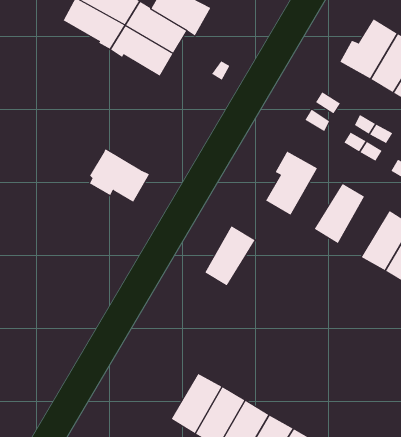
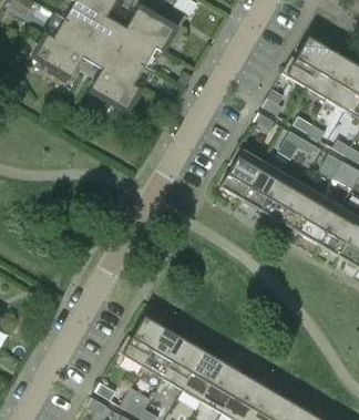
building: none -> [33,34,83,82]
building: [89,149,150,203] -> [90,68,140,112]
building: none -> [279,184,321,234]
building: [204,225,256,286] -> [240,161,283,211]
building: none -> [116,317,164,367]

